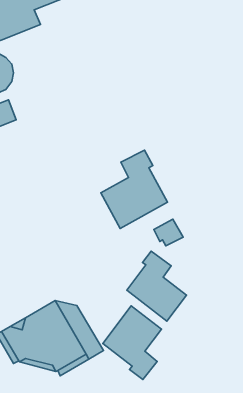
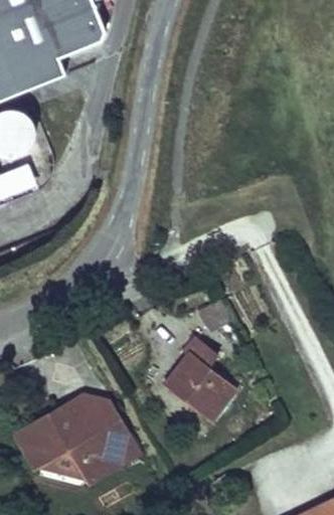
building: [101,150,167,229] -> none
building: [103,306,162,380] -> none

